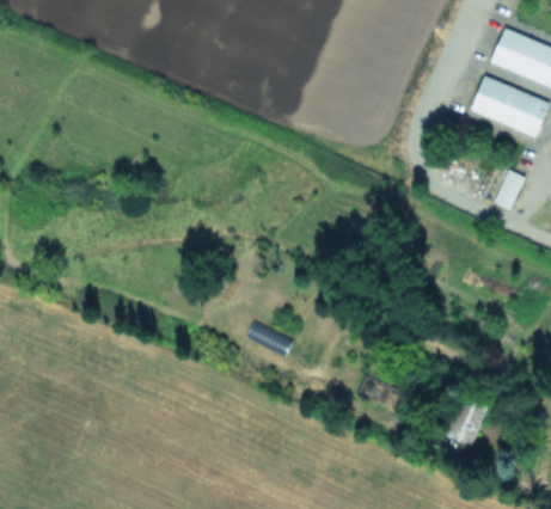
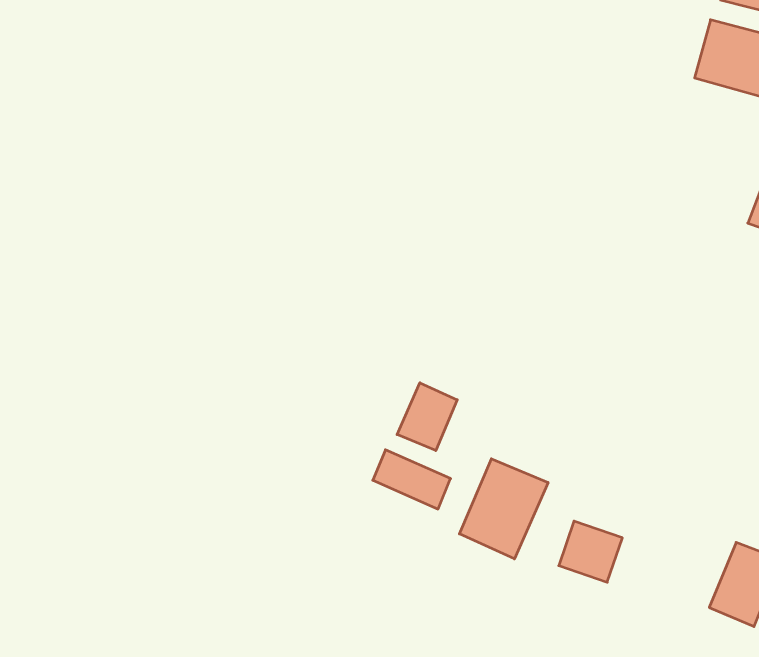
building: none -> [397,383,457,451]
building: none -> [459,459,548,559]

